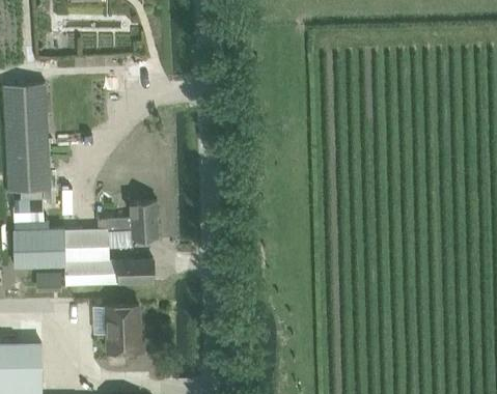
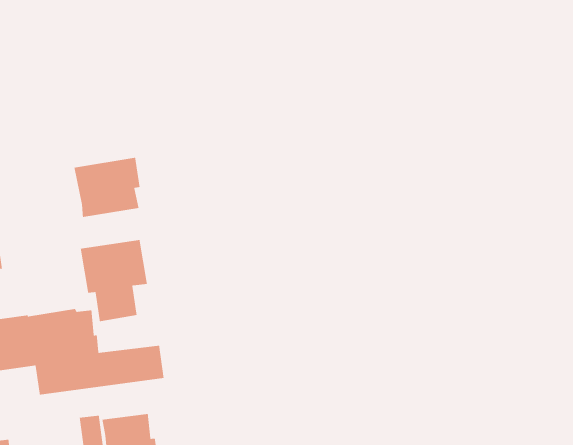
building: none -> [73,157,141,218]

